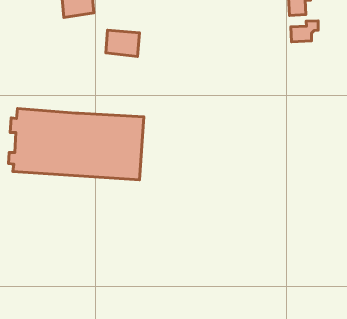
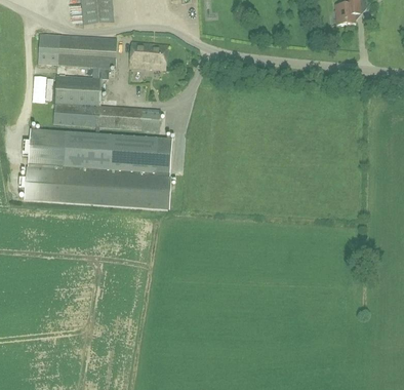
building: [291,21,318,42] -> none
building: none -> [37,33,159,133]

